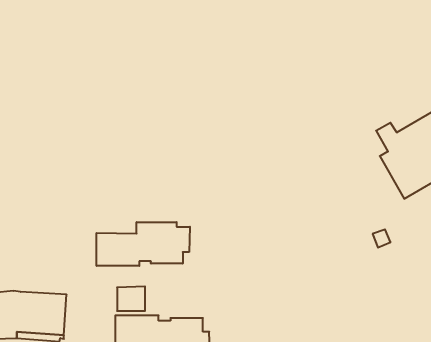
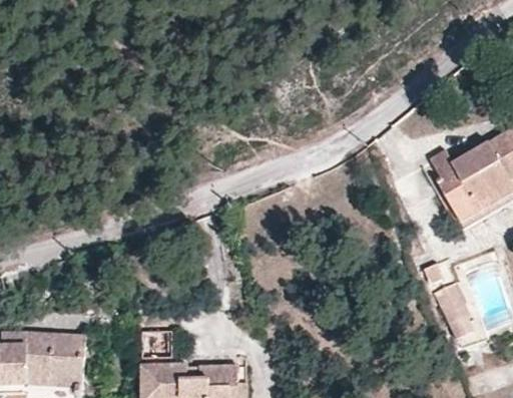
building: [97,222,190,266] -> none
building: none -> [437,286,473,337]

